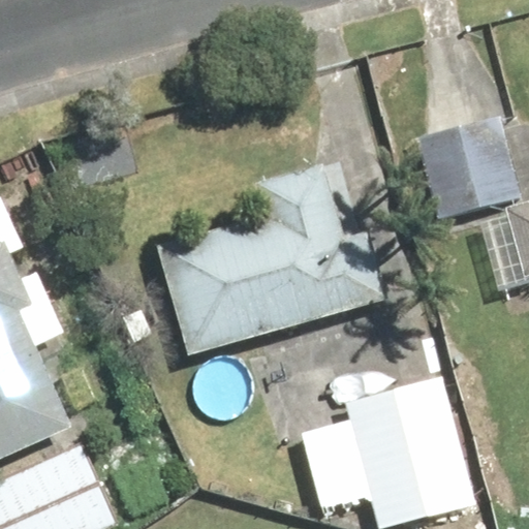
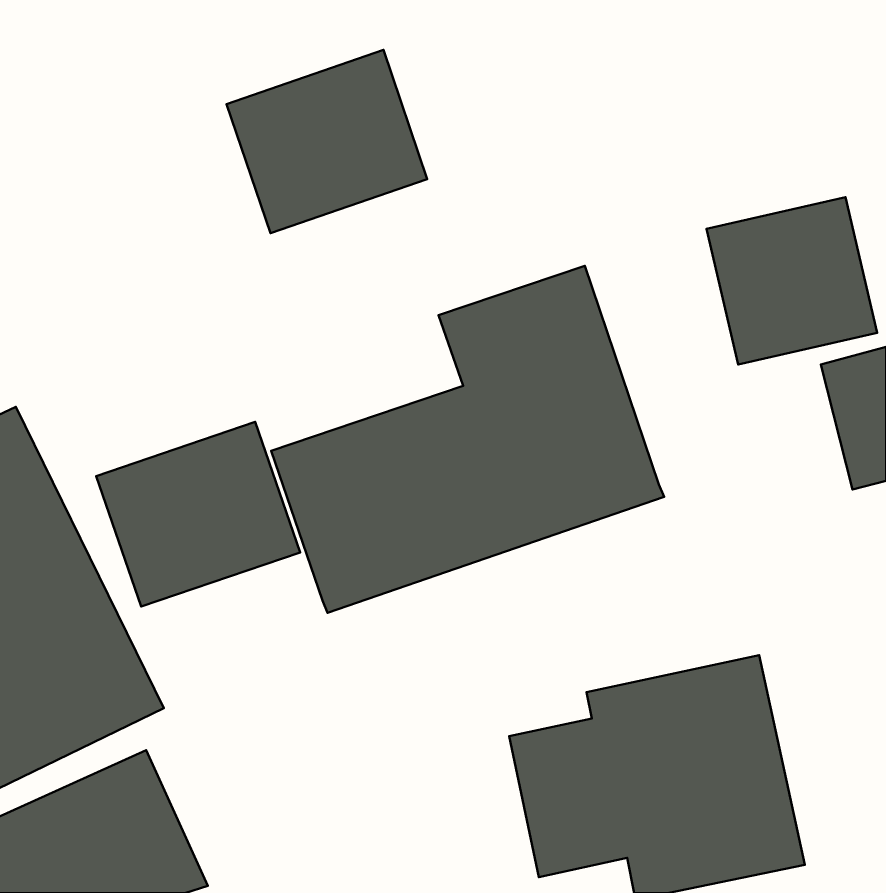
building: none -> [227,50,427,233]
building: none -> [96,422,300,607]

